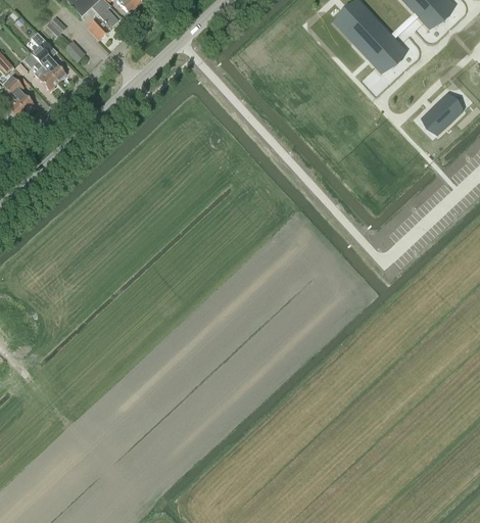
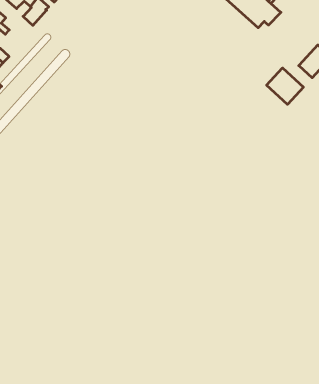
building: none -> [267,68,303,104]

